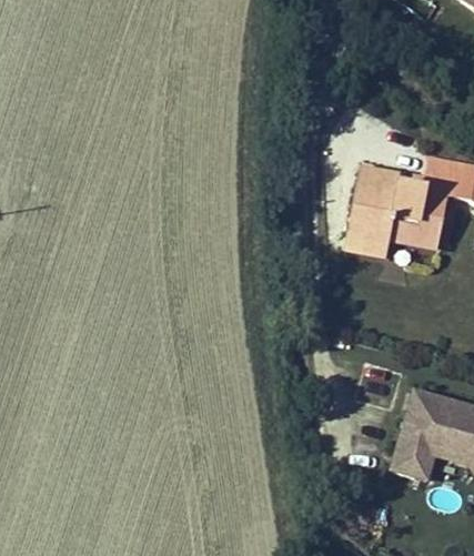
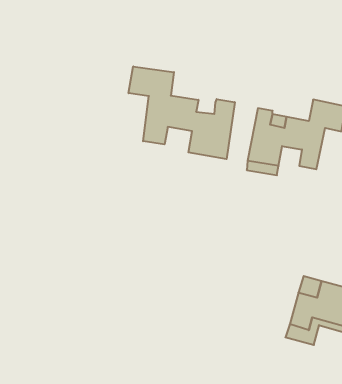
building: none -> [129,66,235,159]

